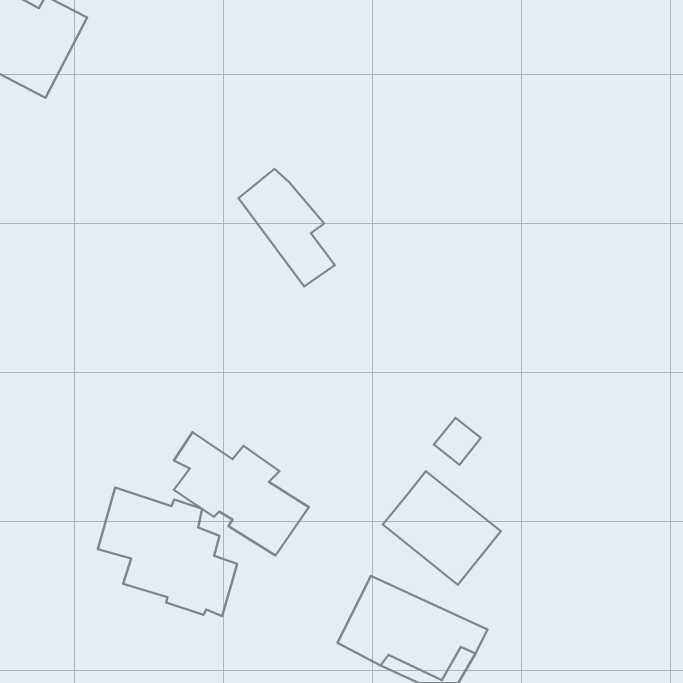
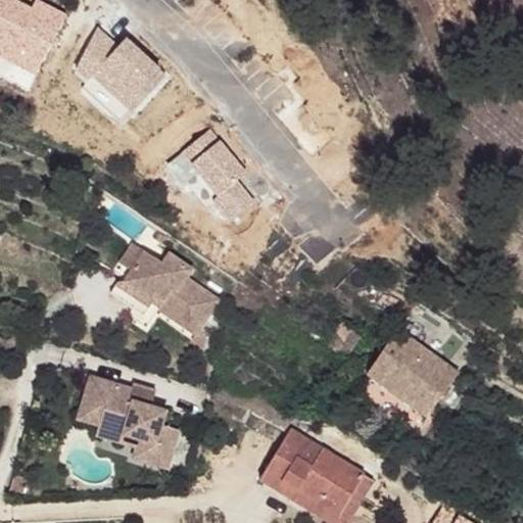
building: none -> [75,26,165,111]
building: [174,432,309,556] -> [115,240,219,334]
building: [383,471,501,585] -> [368,330,458,417]

